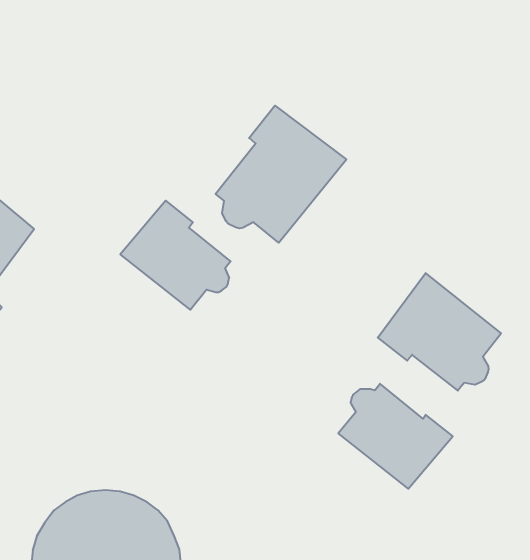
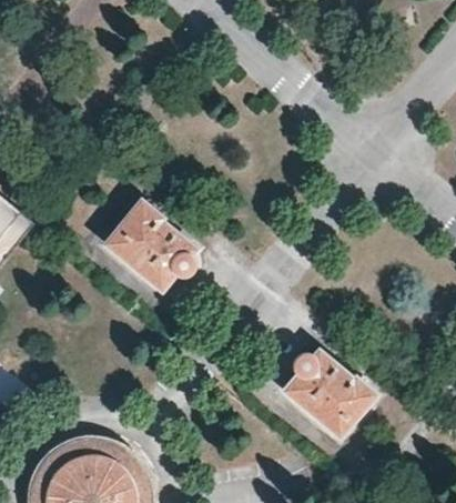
building: [216,106,346,243] -> none
building: [378,273,501,391] -> none

